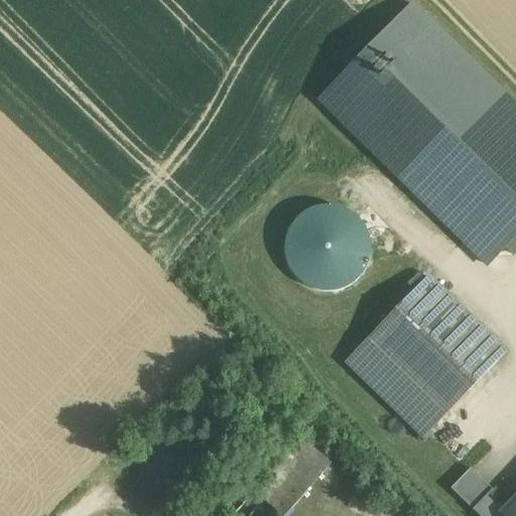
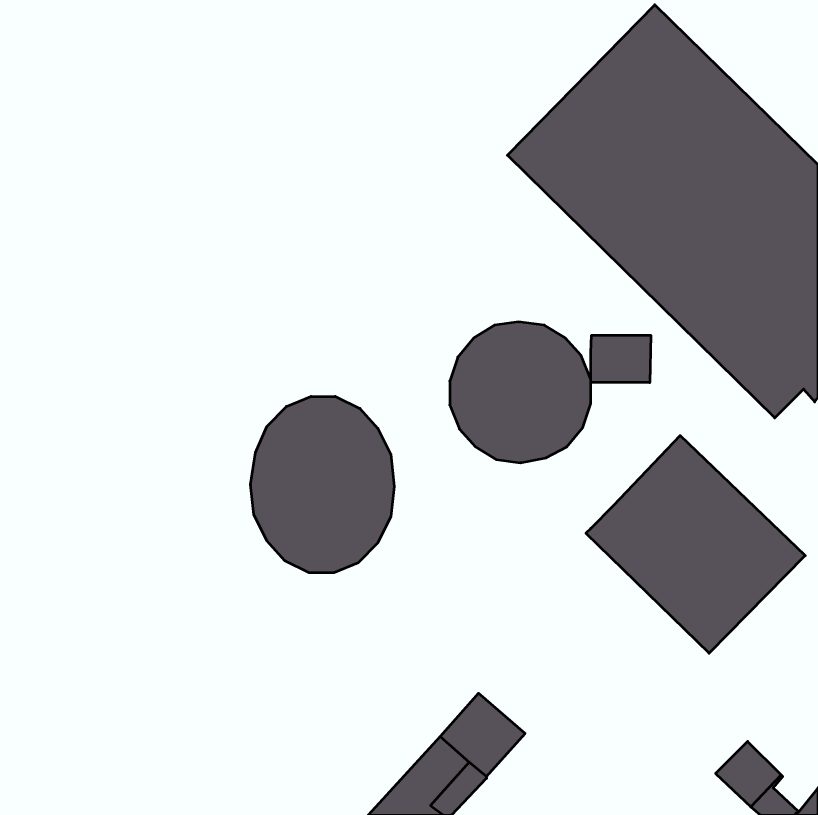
building: none -> [591,335,651,383]
building: none -> [251,396,394,573]
building: [345,336,446,436] -> none

